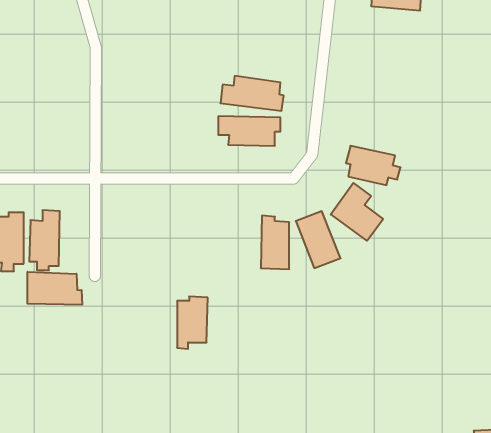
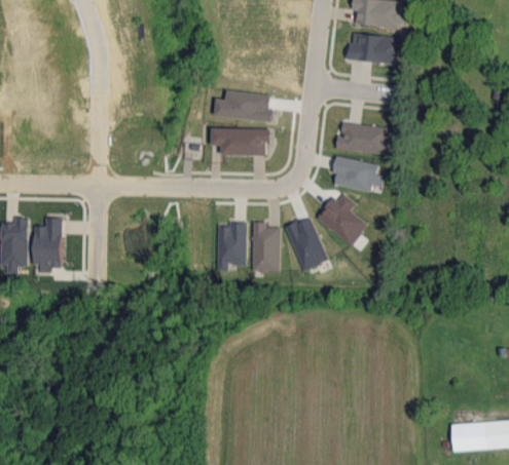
building: none -> [348,32,403,65]
building: none -> [334,121,387,154]
building: [27,272,82,305] -> none
building: [177,296,208,349] -> [217,222,246,271]

